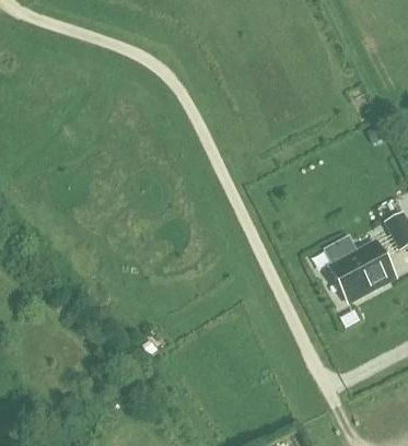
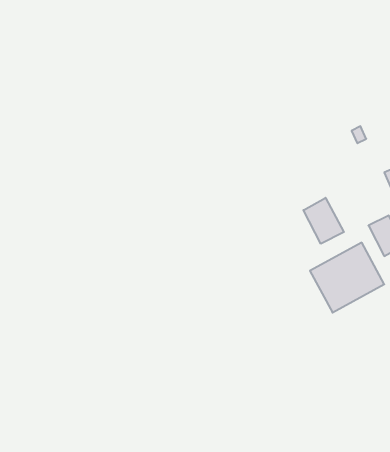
building: none -> [303,198,344,244]

